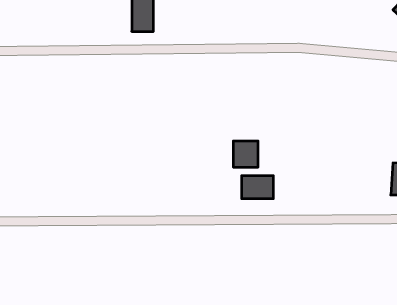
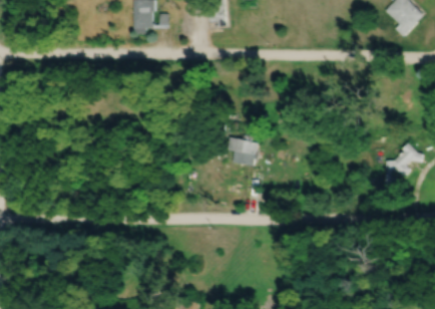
building: [242,176,273,199] -> none

